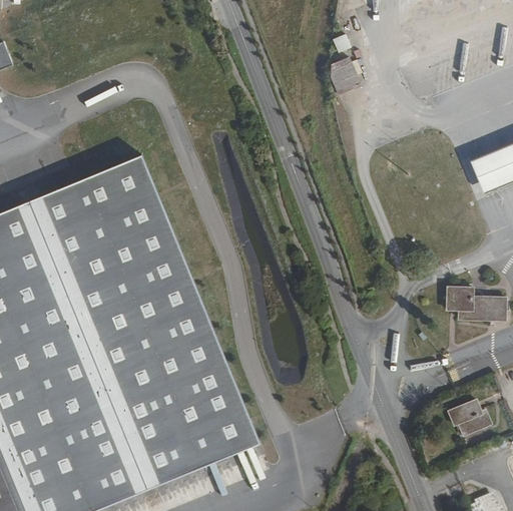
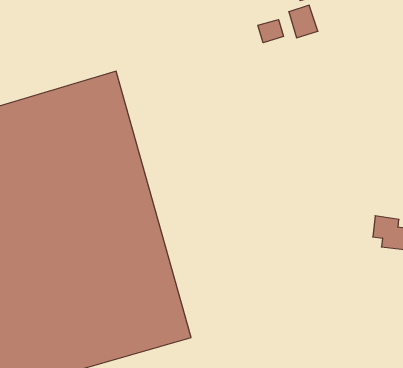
building: none -> [258,20,283,43]
building: [447,399,485,430] -> none

